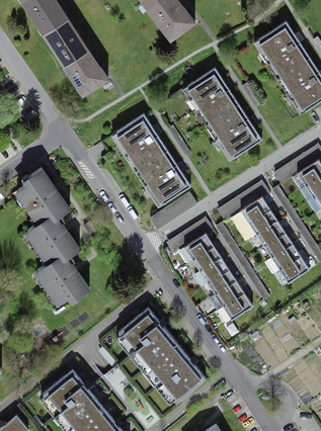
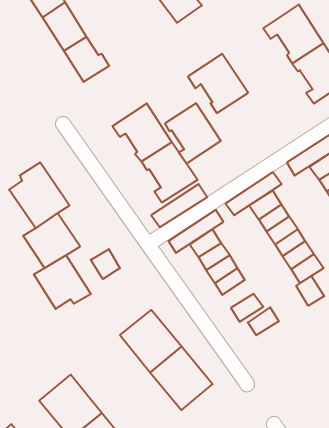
building: [210,104,262,161] -> [165,103,221,163]
building: none -> [91,249,120,279]
building: none -> [296,276,324,306]
building: [215,280,244,307] -> [248,307,279,335]

